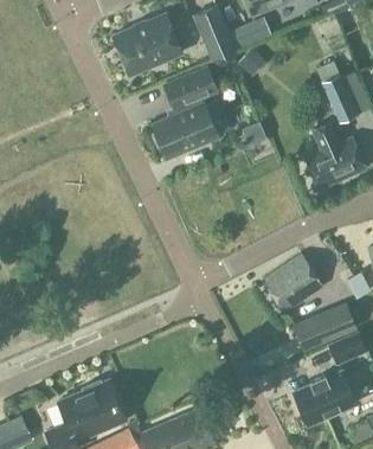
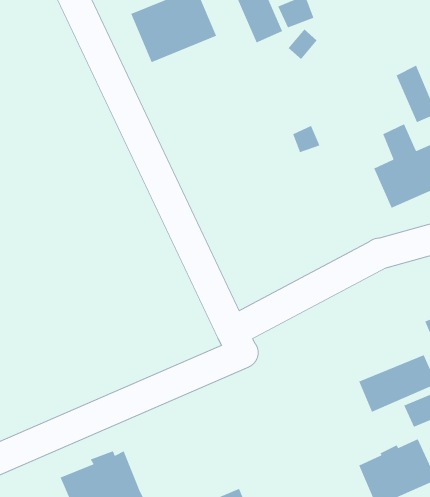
building: [154,68,217,156] -> none
building: [263,255,323,313] -> none

